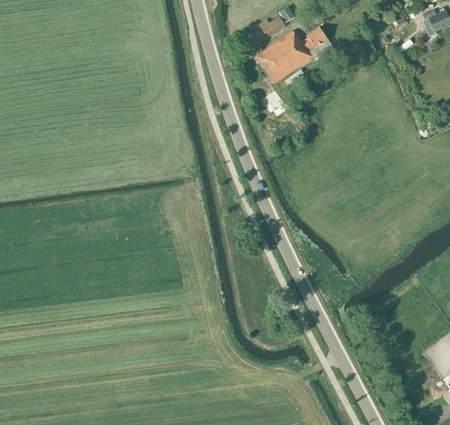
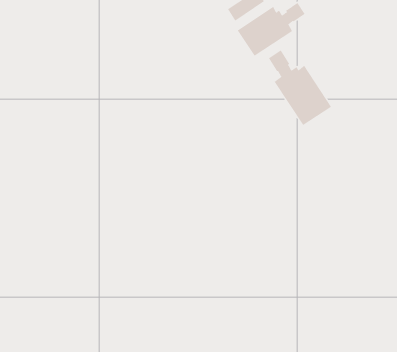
building: none -> [268,49,332,126]

